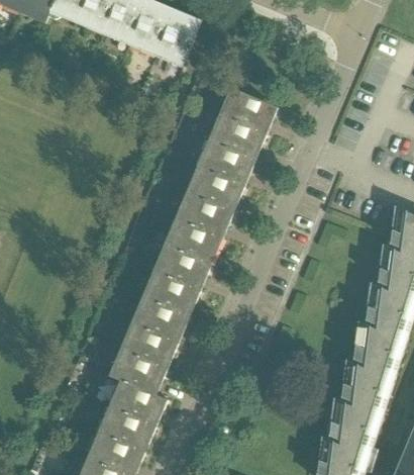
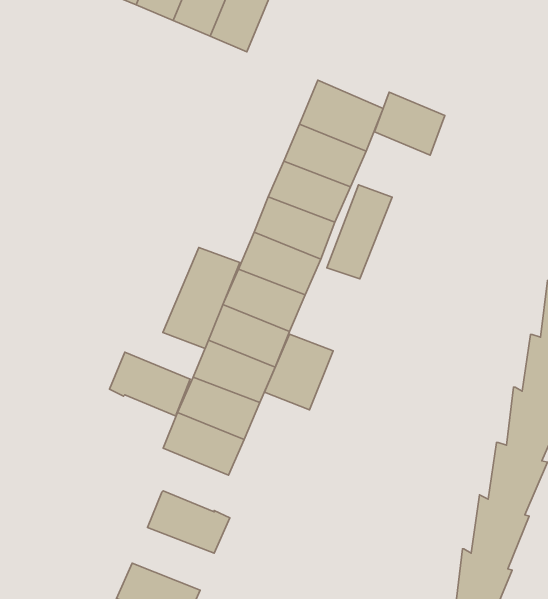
building: none -> [374,92,445,155]
building: none -> [327,185,392,279]
building: none -> [163,247,240,349]
building: none -> [264,334,333,410]
building: [109,349,167,394] -> [109,352,190,416]
building: [98,405,157,450] -> none

